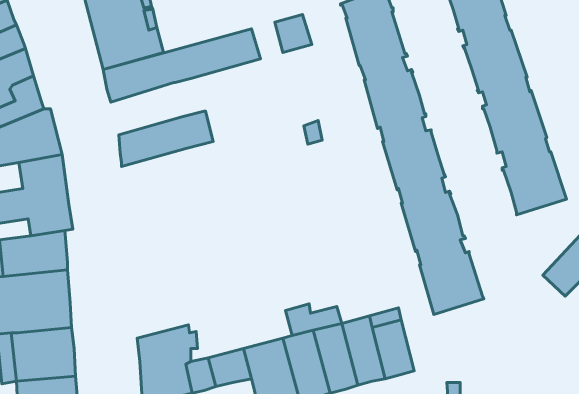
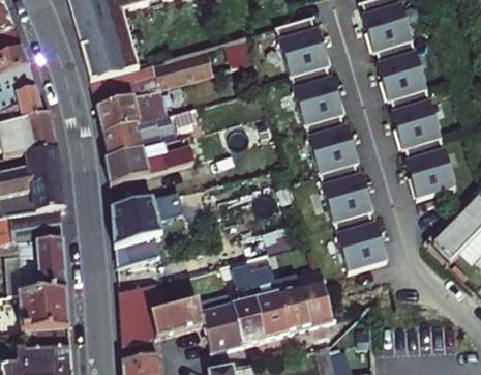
building: none -> [96,87,170,133]
building: none -> [104,143,186,185]
building: none -> [112,192,188,268]

